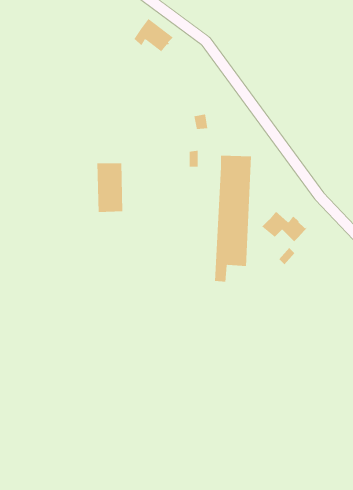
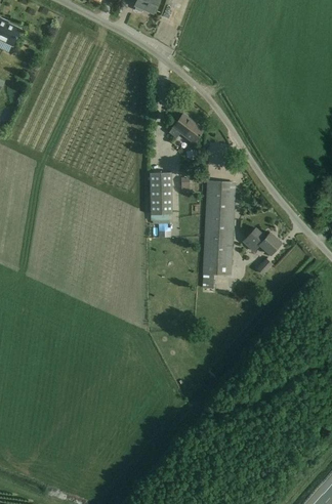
building: [133,18,173,52] -> [169,114,203,142]
building: [97,163,123,213] -> [149,173,171,215]

